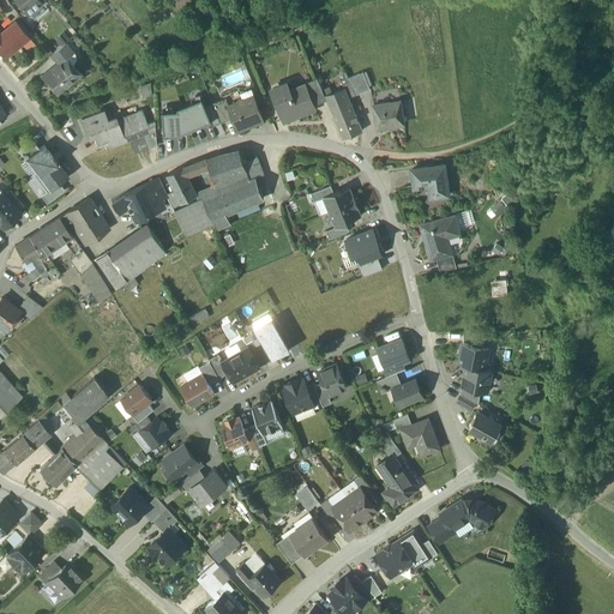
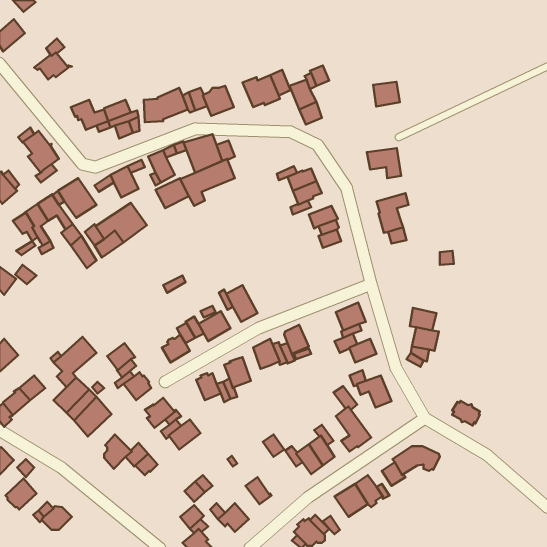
building: [373,103,403,131] -> [373,82,400,106]
building: [468,415,499,443] -> [452,401,480,425]
building: [38,449,74,484] -> none
building: [288,518,326,555] -> none
building: [148,528,185,565] -> none

